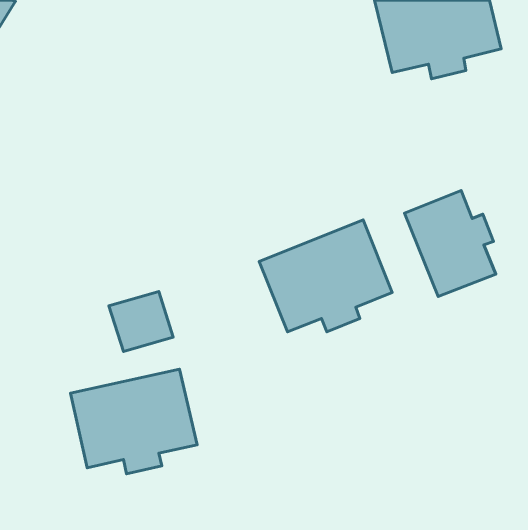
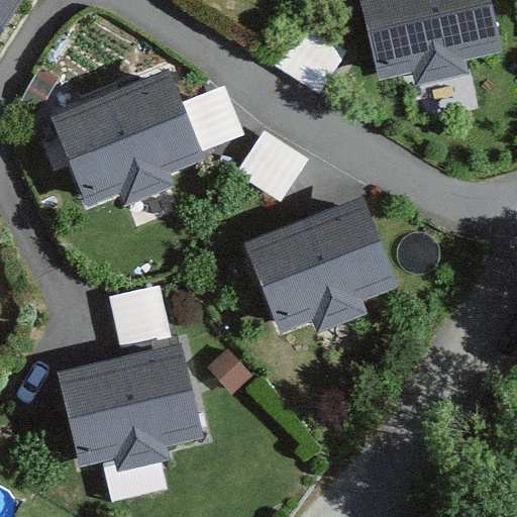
building: none -> [62,87,191,196]
building: [405,191,496,297] -> none

